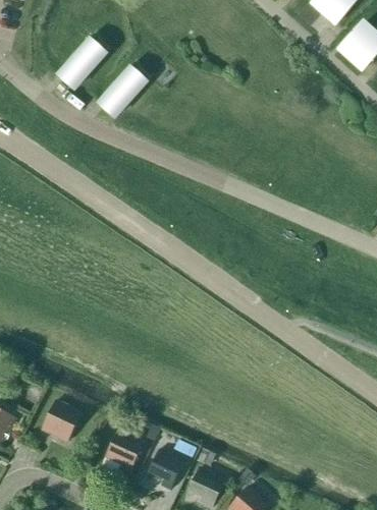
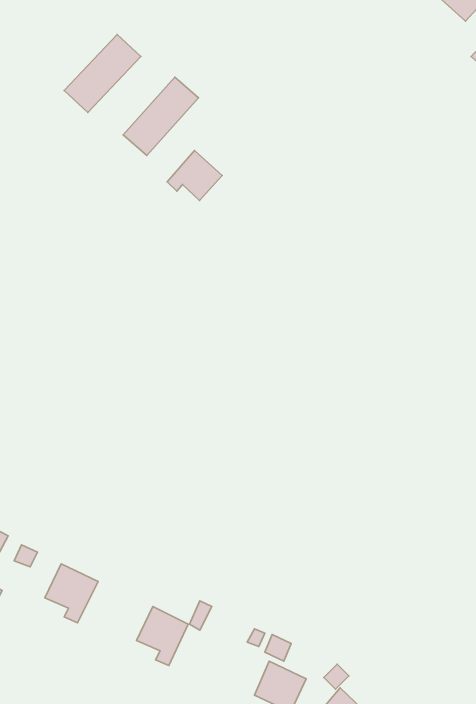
building: none -> [167,151,222,201]
building: [147,449,182,490] -> none

